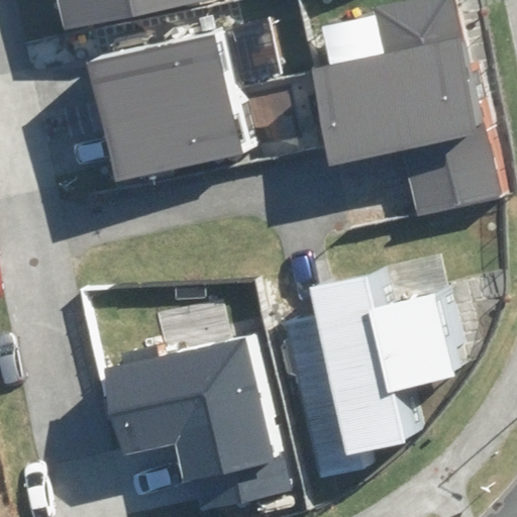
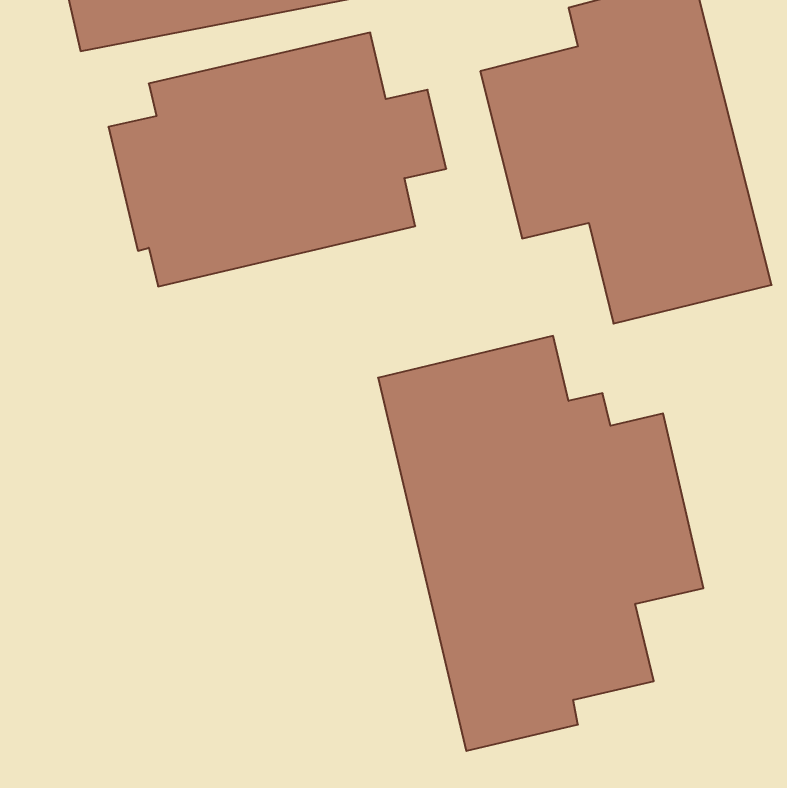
building: [106,335,290,510] -> none

